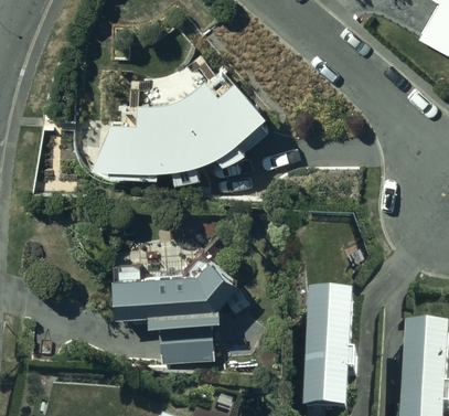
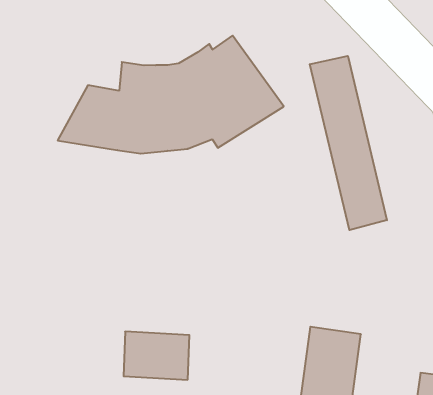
building: none -> [310,56,387,230]
building: [108,259,236,319] -> none

